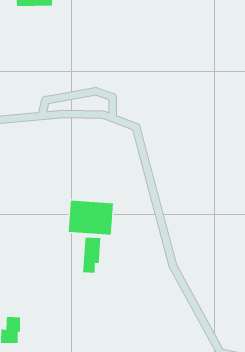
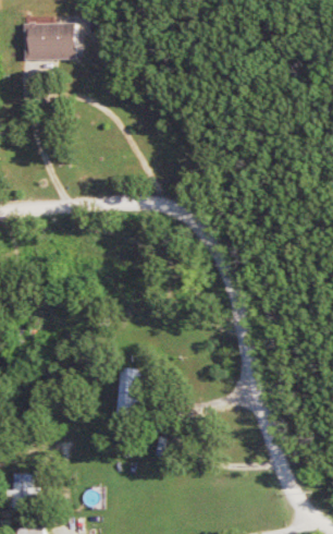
building: [68,200,114,235] -> none

